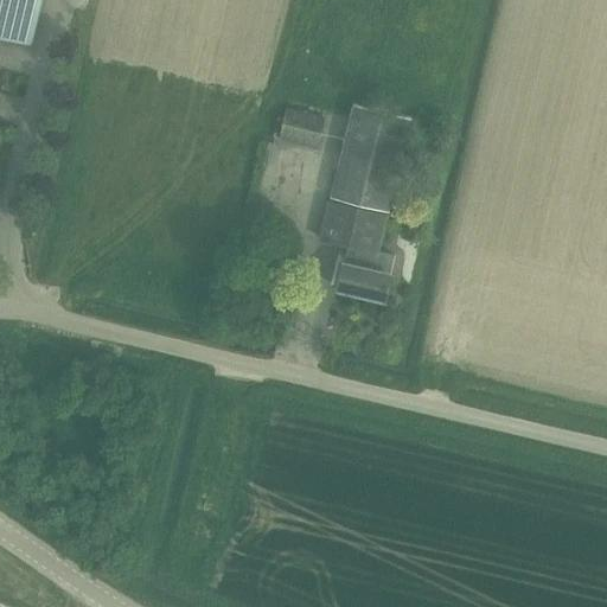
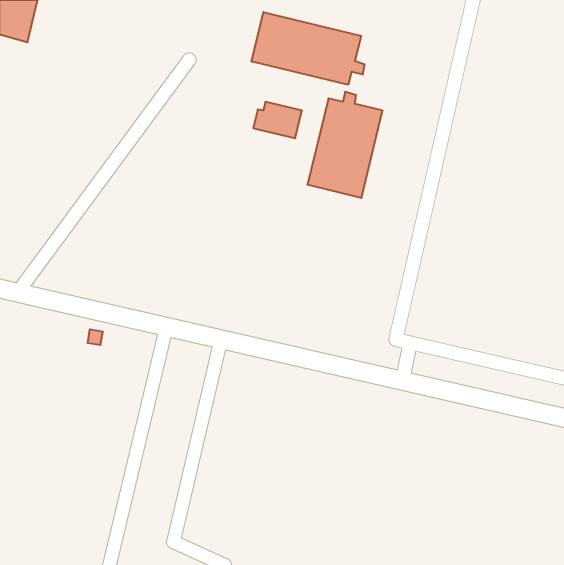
building: none -> [252,12,364,85]
building: [318,200,394,301] -> none

